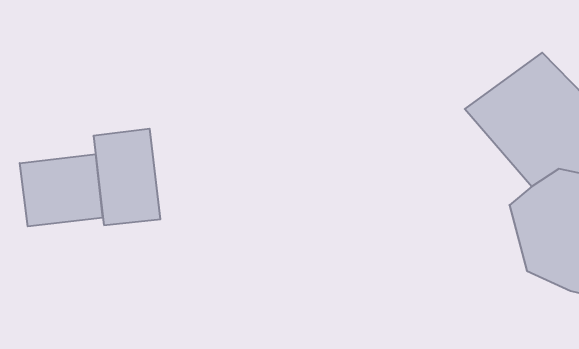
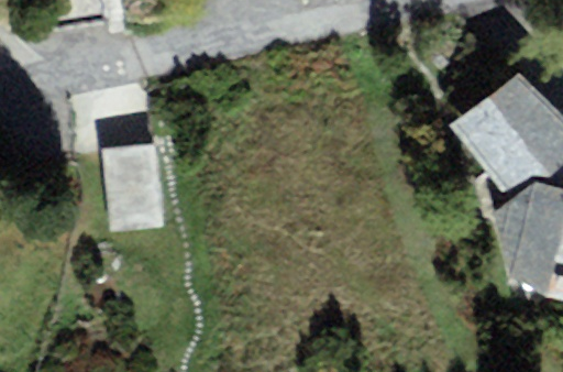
building: [20,154,103,226] -> none

